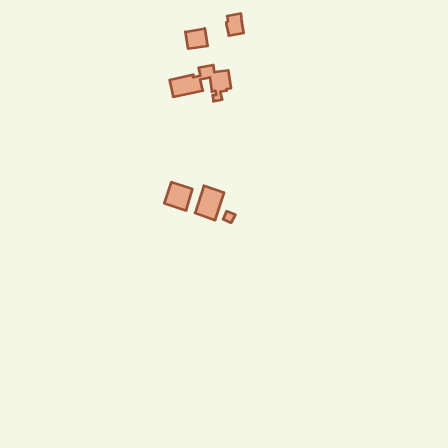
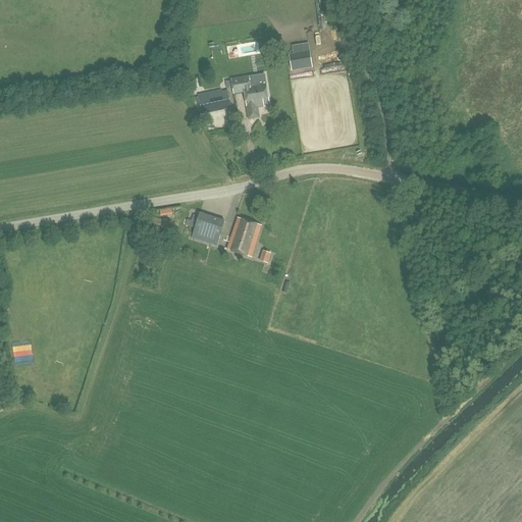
building: [226,14,244,36] -> [291,43,311,68]
building: [185,28,208,49] -> none

